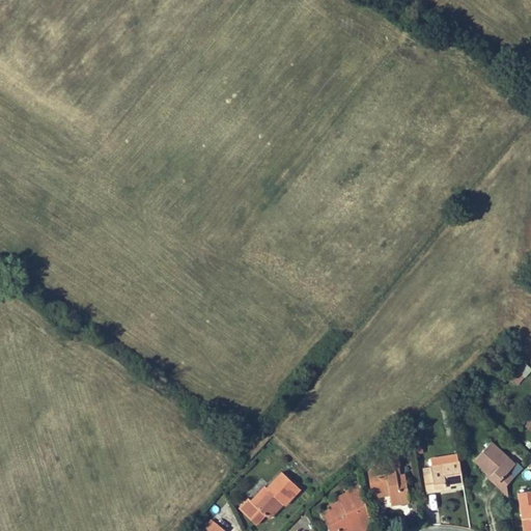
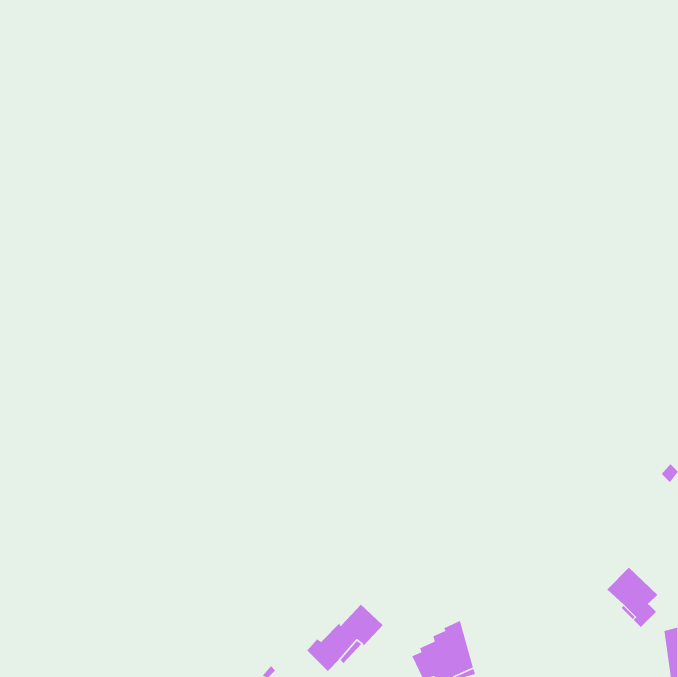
building: [368,456,409,505] -> none
building: [423,464,463,493] -> none

